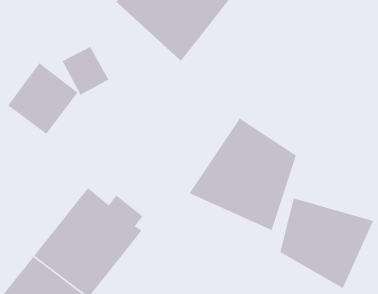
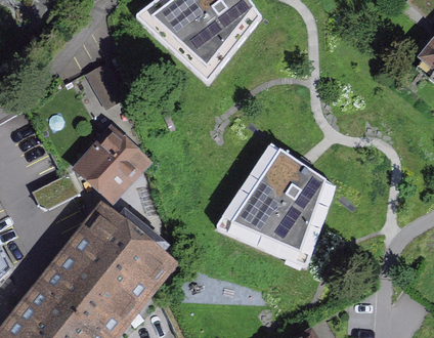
building: [7,62,79,135] -> [79,130,157,209]
building: [279,198,374,289] -> none

